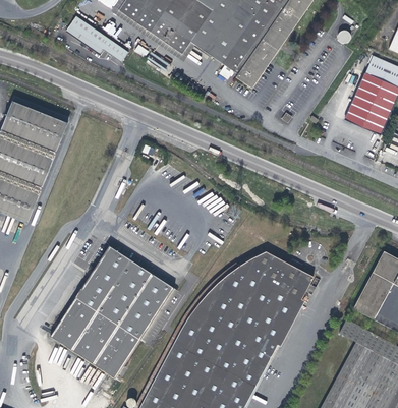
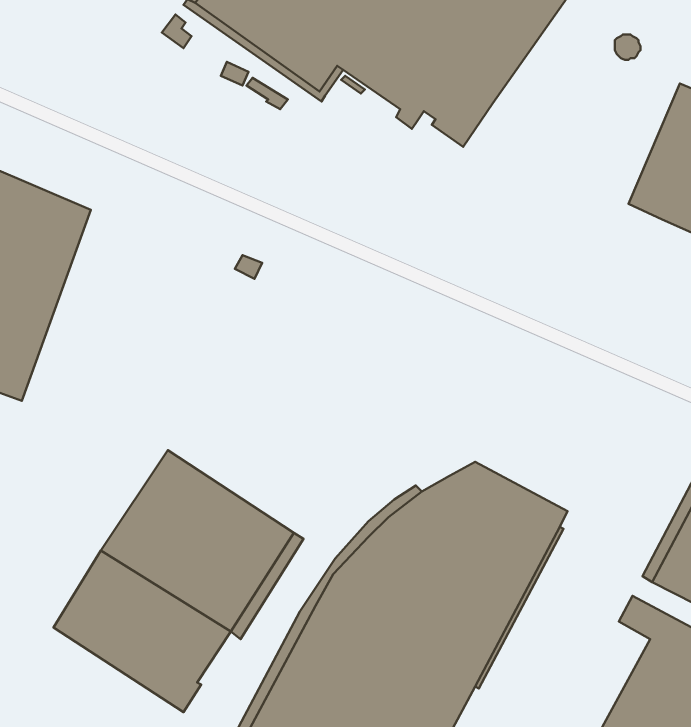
building: [69,19,132,66] -> none

